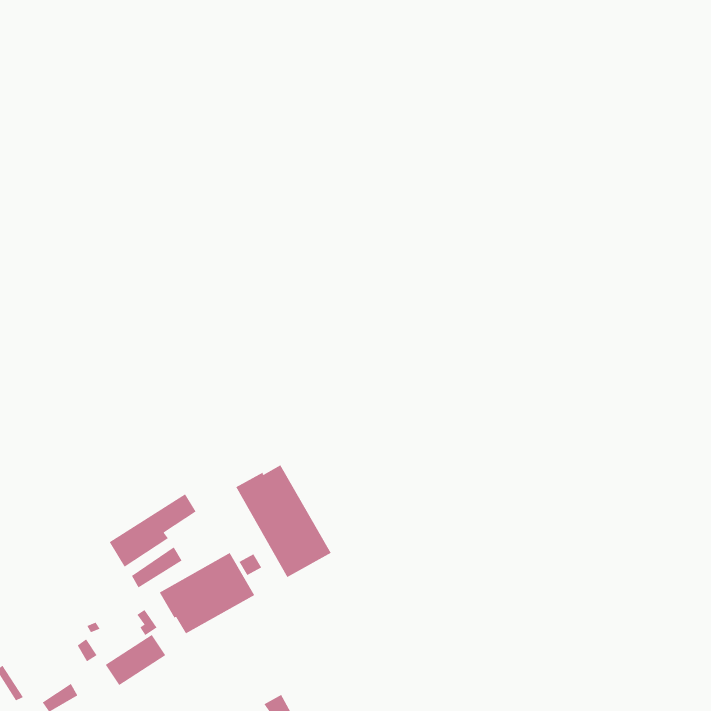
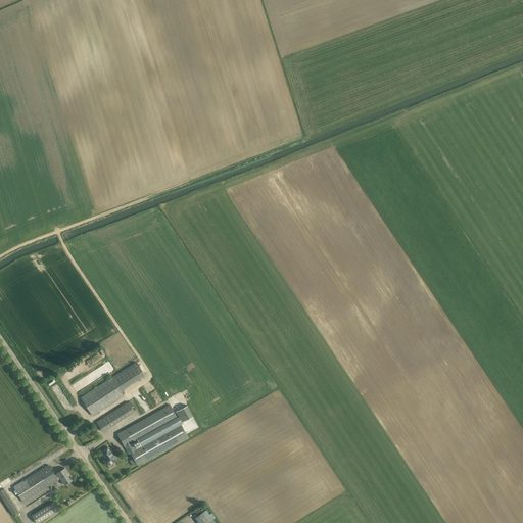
building: [236,465,332,578] -> none
building: [105,634,166,686] -> [12,465,57,503]

